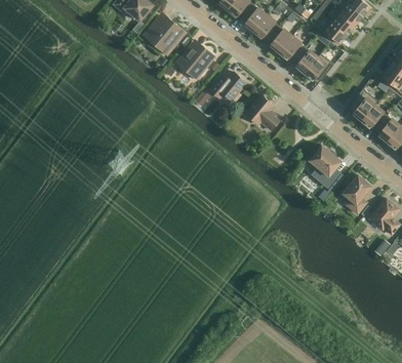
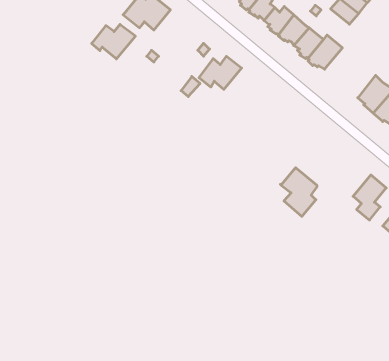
building: [177,46,215,76] -> [92,24,135,59]
building: [246,94,281,130] -> none
building: [310,145,341,187] -> [280,168,317,216]

